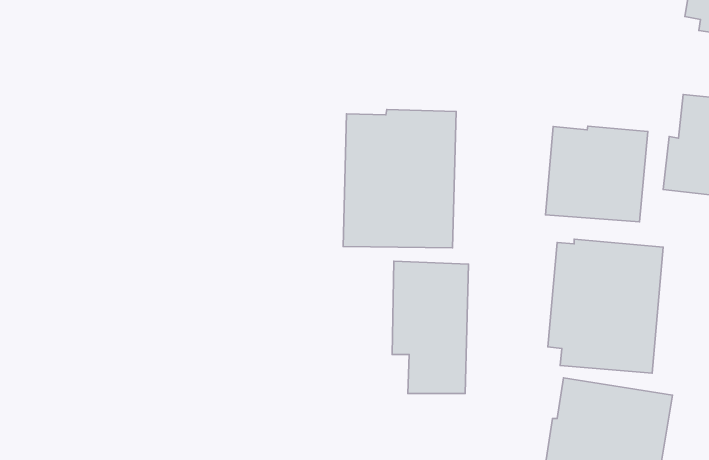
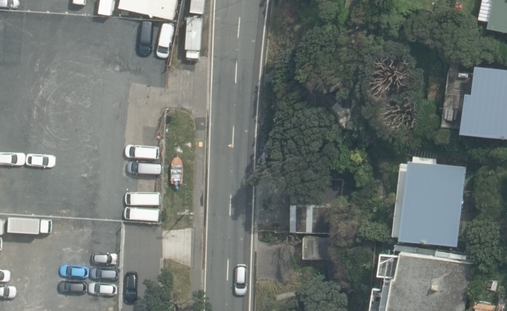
building: [343,109,456,248] -> none
building: [546,126,648,222] -> none

